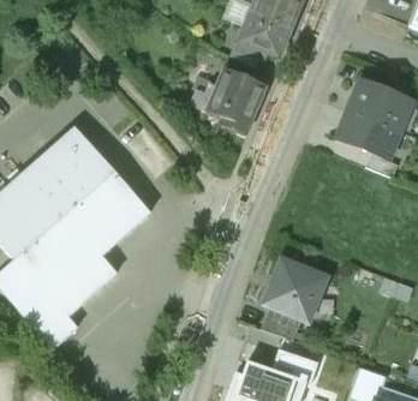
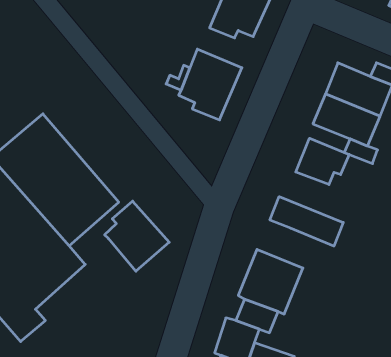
building: none -> [296,138,349,185]
building: none -> [270,197,343,246]
building: none -> [105,201,169,271]

